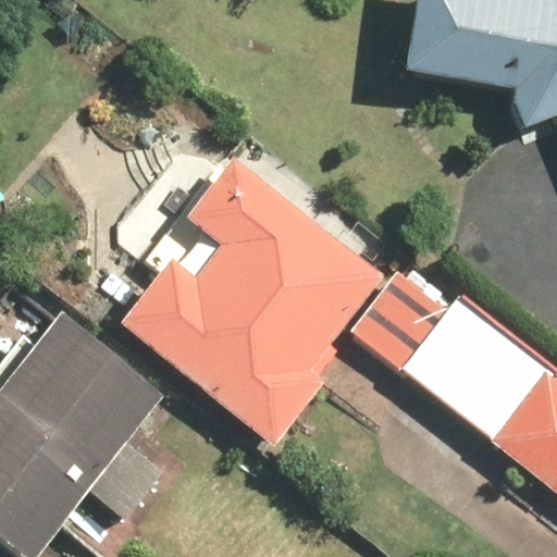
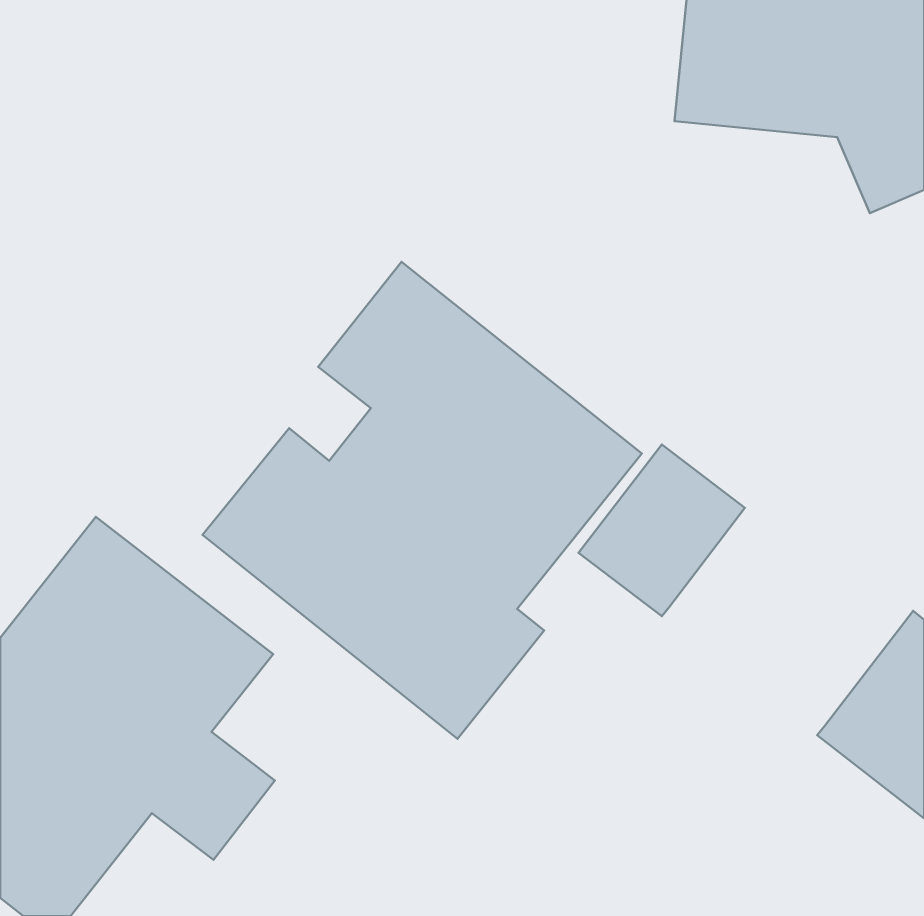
building: [403,300,546,437] -> none

